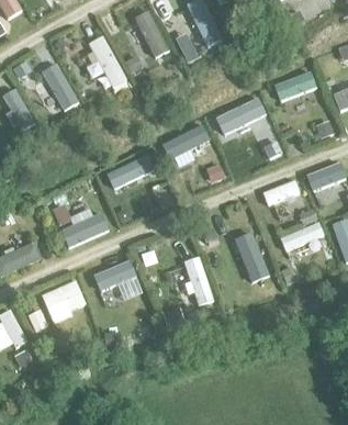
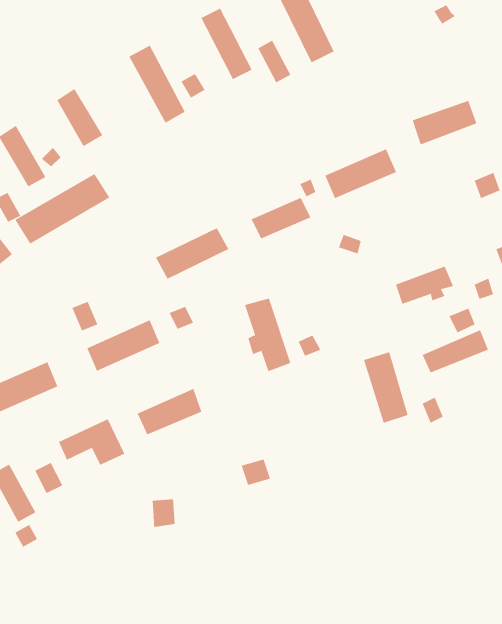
building: none -> [14,173,110,244]
building: [182,257,213,305] -> [244,298,291,372]

